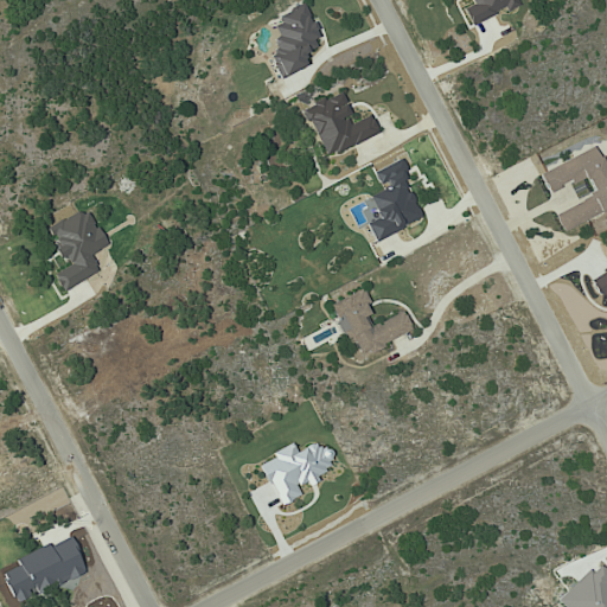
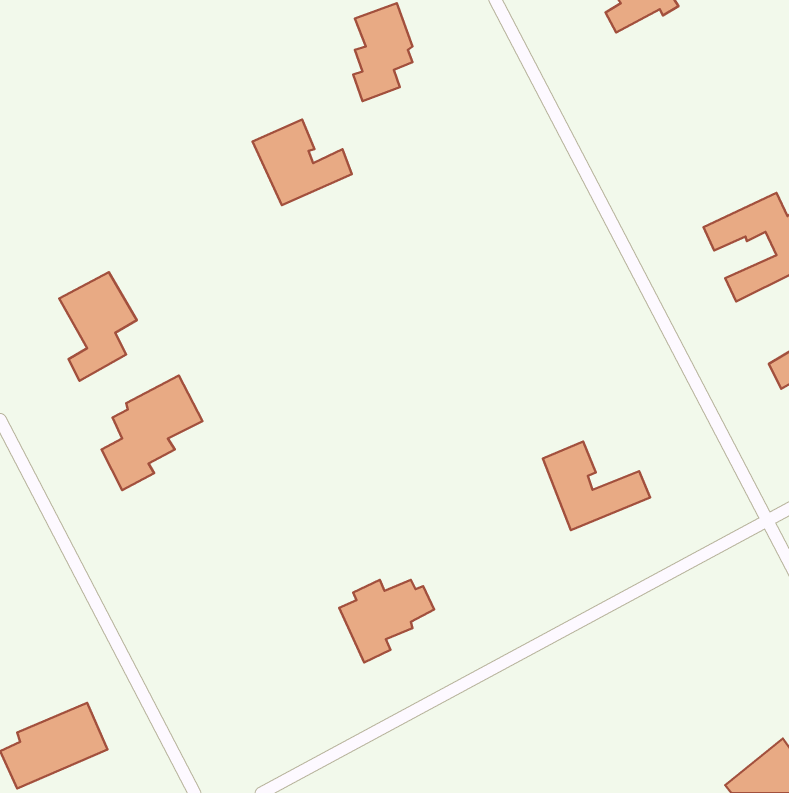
building: [305,91,381,156] -> [252,120,352,205]
building: [369,158,424,239] -> none
building: none -> [101,375,202,490]
building: [333,289,415,357] -> [543,441,650,530]

